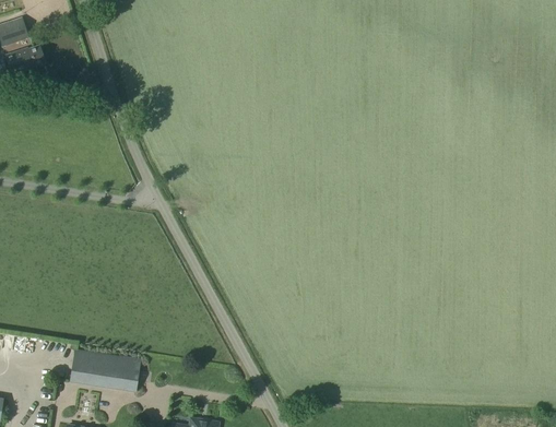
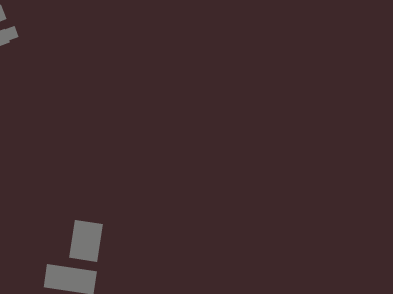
building: none -> [68,219,103,263]

